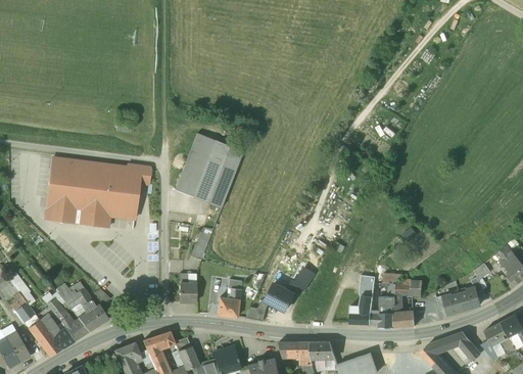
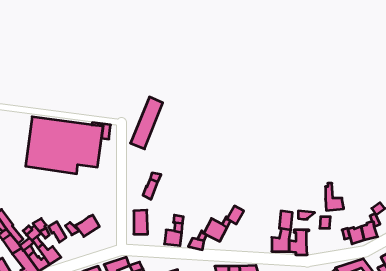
building: [192,140,243,208] -> none
building: [392,294,415,328] -> [325,183,344,210]
building: [78,305,108,331] -> [75,215,99,237]

